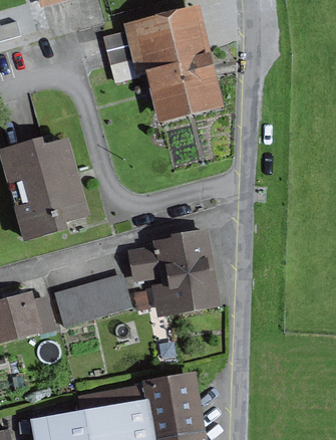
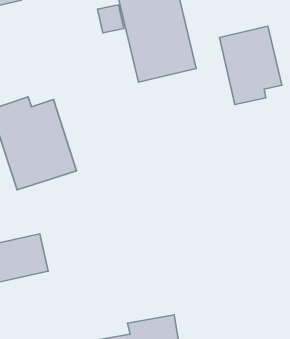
building: none -> [220,26,282,104]
building: [135,227,220,310] -> none
building: [59,274,134,327] -> none

